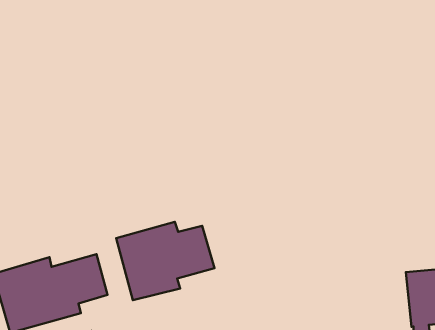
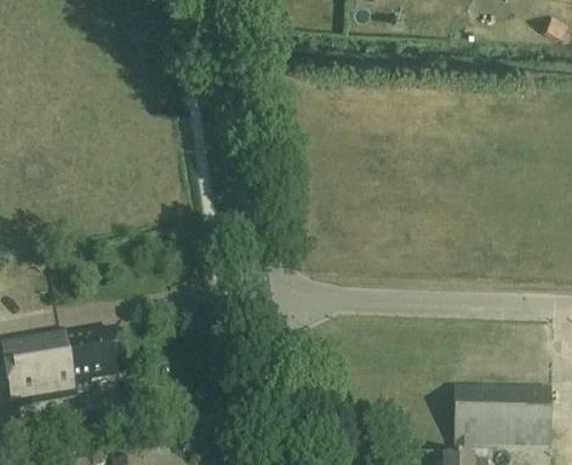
building: [116,222,214,300] -> none

